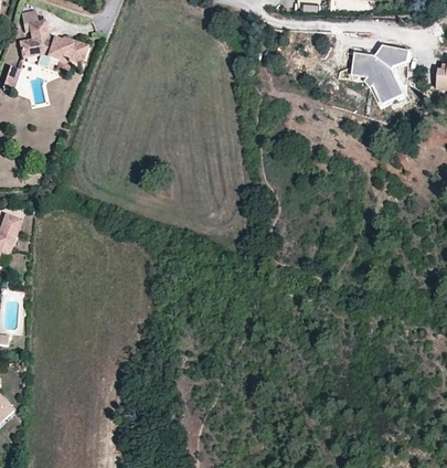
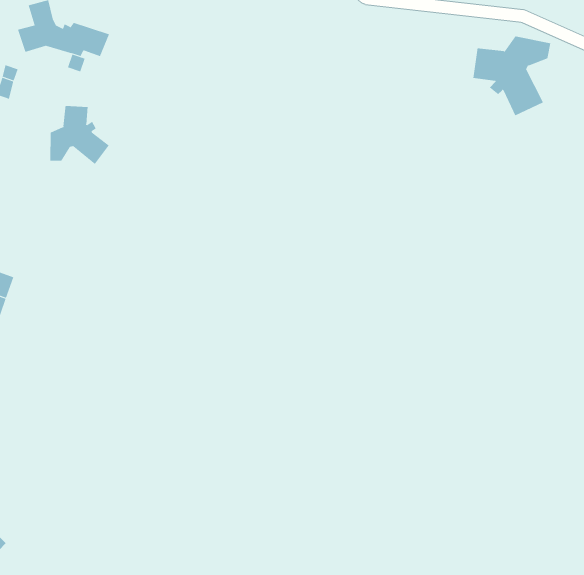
building: none -> [50,105,109,165]

